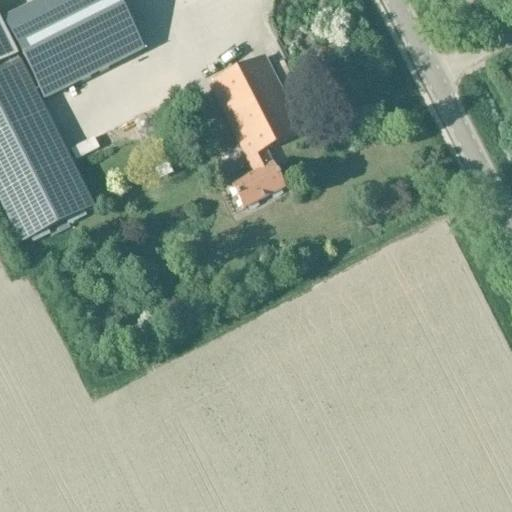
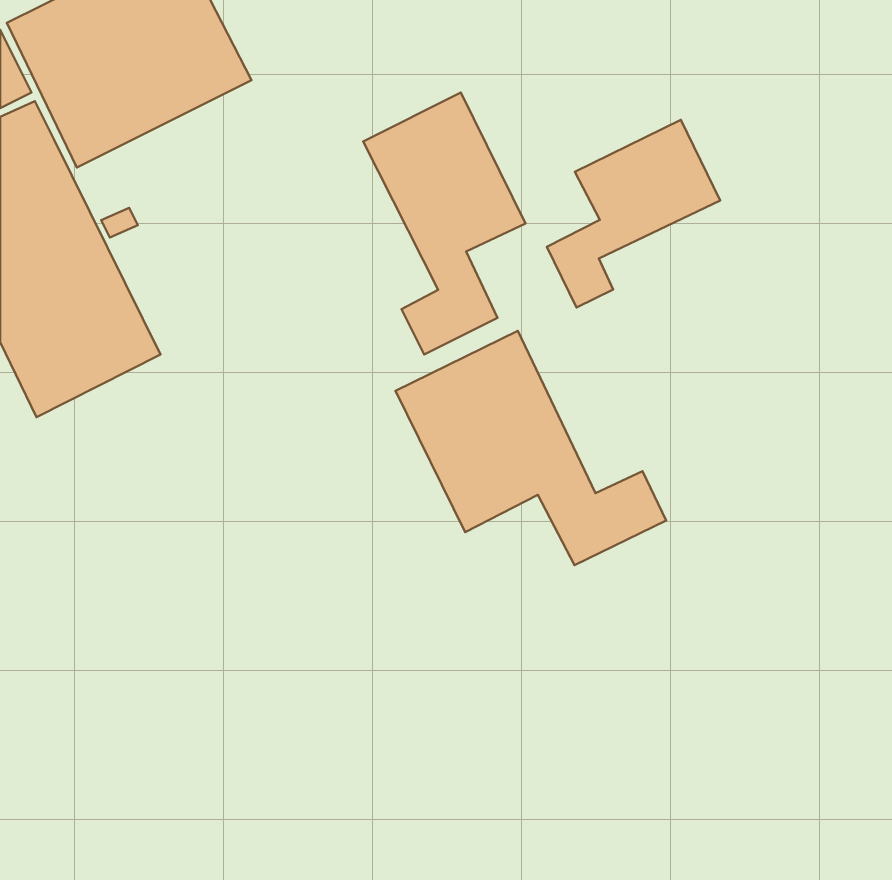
building: none -> [547,120,720,307]
building: none -> [395,331,666,565]

